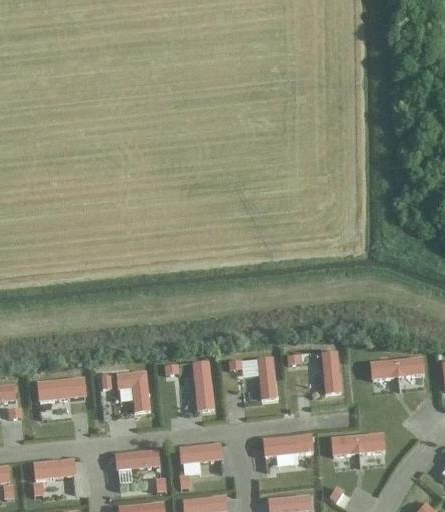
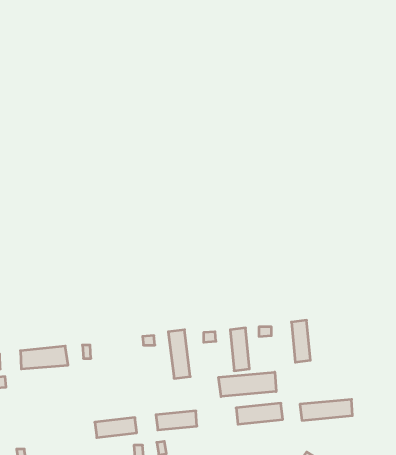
building: [369,355,425,378] -> none
building: [116,369,150,412] -> none
building: none -> [219,372,276,397]
building: [33,458,76,479] -> none

